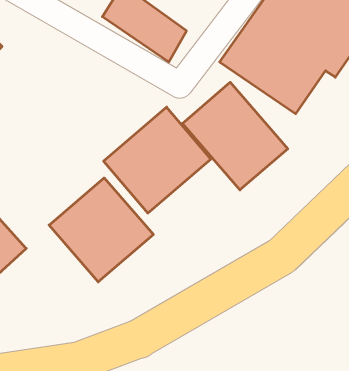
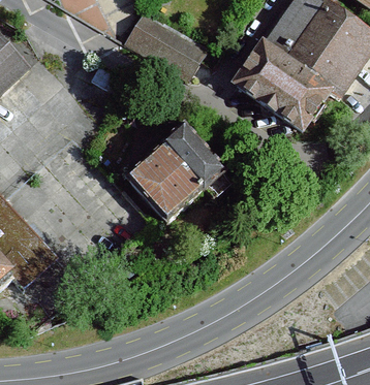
building: [182,82,288,190] -> none
building: [49,178,153,282] -> none

